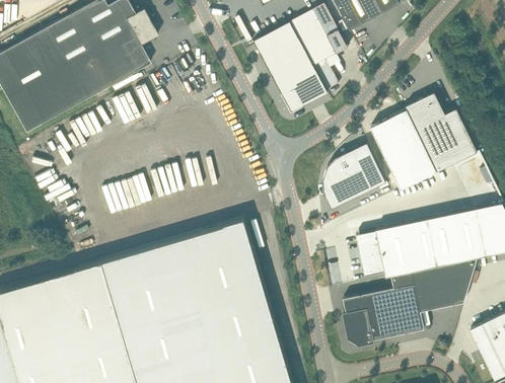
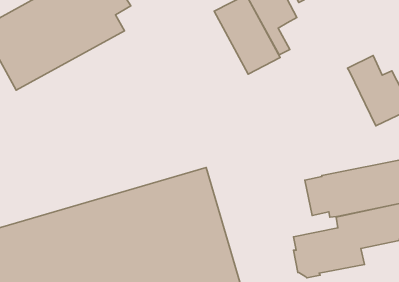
building: [370,110,437,190] -> none
building: [321,143,386,210] -> none

